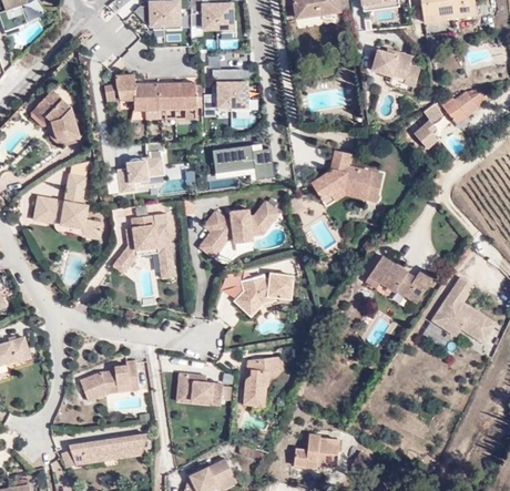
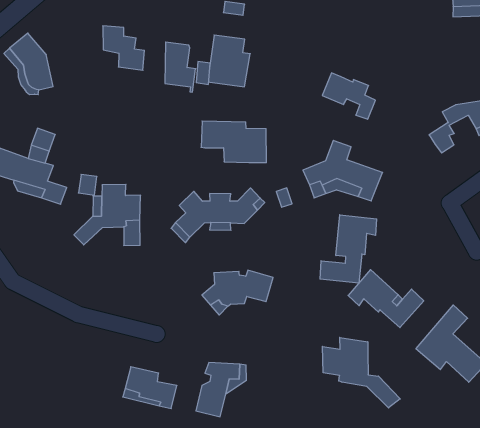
building: [371,49,419,85] -> [322,73,375,119]
building: [145,82,176,119] -> none
building: [120,141,165,192] -> none
building: none -> [320,215,377,283]
building: none -> [322,337,400,408]
building: [80,361,139,402] -> none

